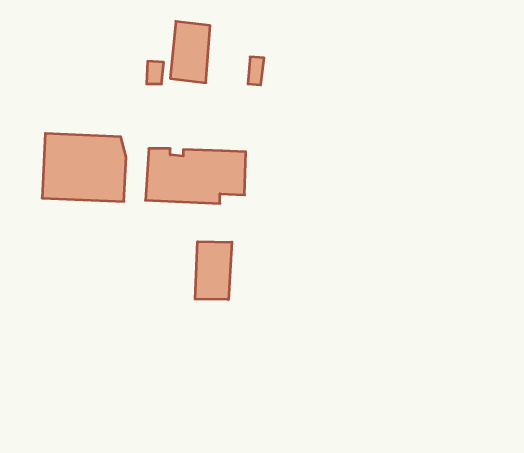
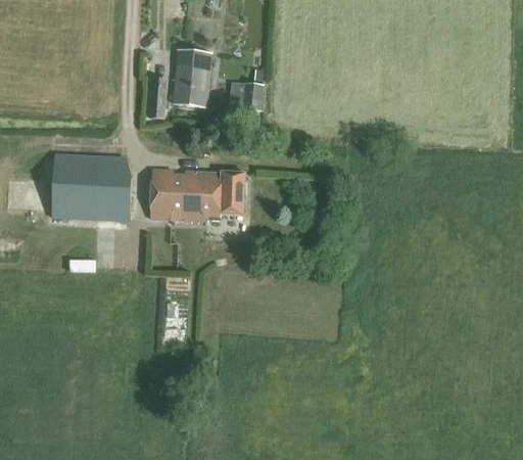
building: [195,242,232,300] -> none

